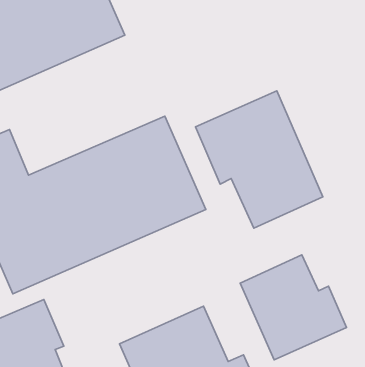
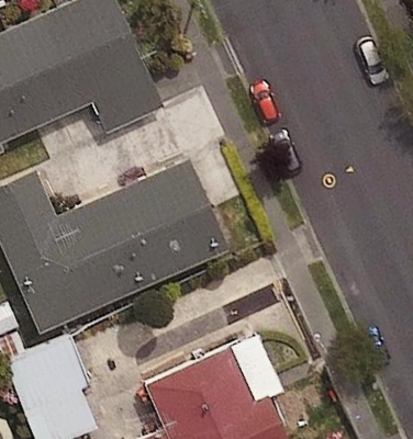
building: [195,91,323,228] -> none
building: [240,255,347,360] -> none

